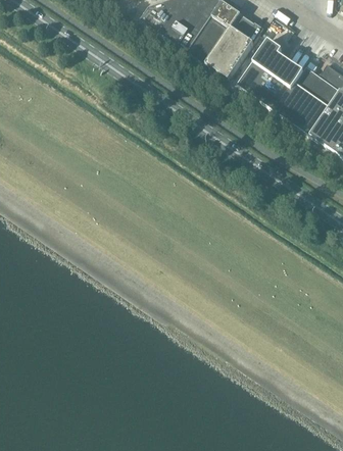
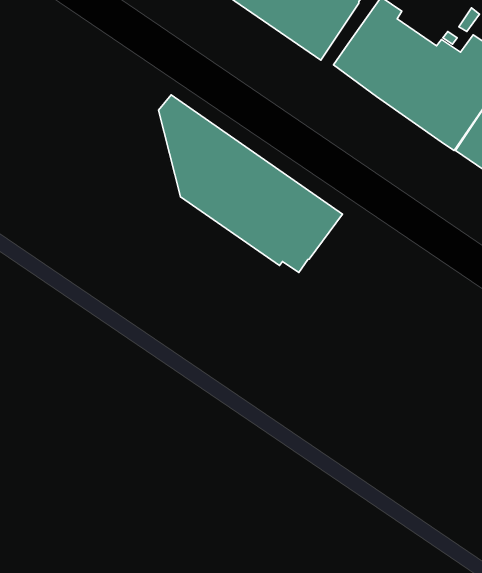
building: none -> [159,95,342,273]

